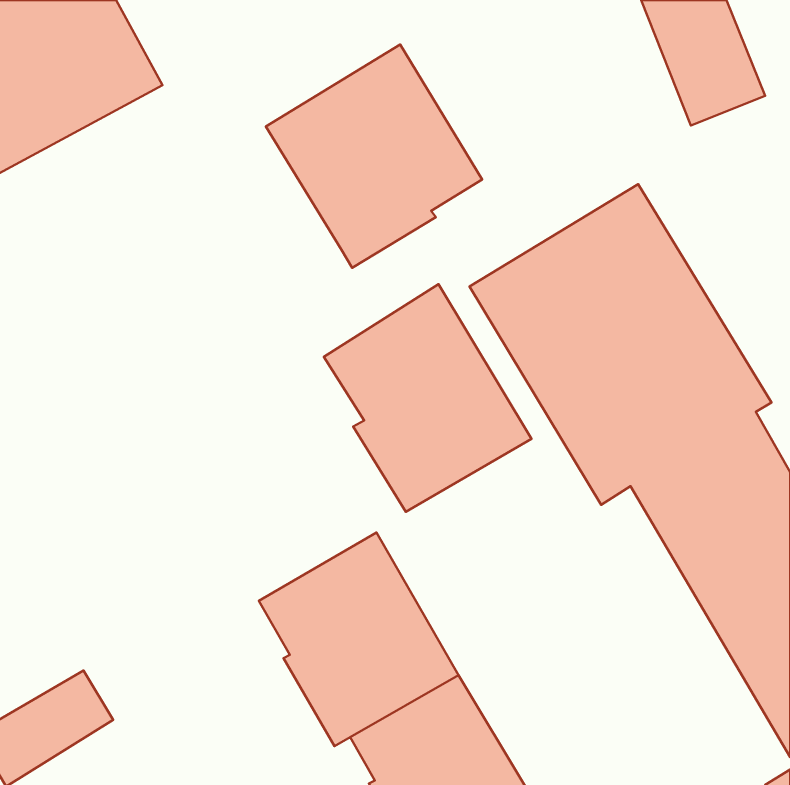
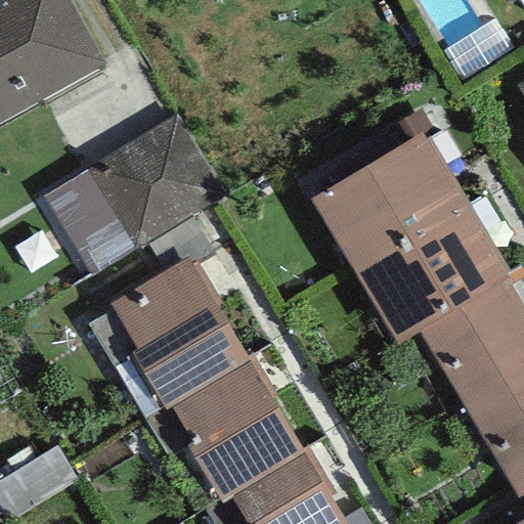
building: [266,45,482,268] -> none
building: none -> [45,118,223,274]
building: [324,284,531,512] -> [112,254,249,404]

